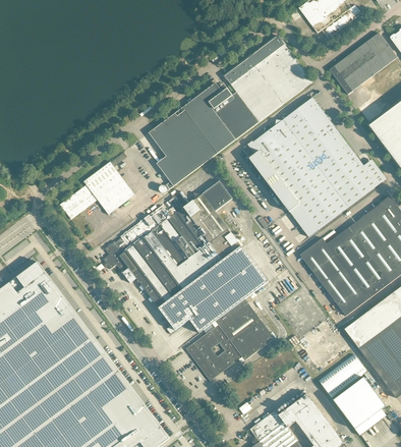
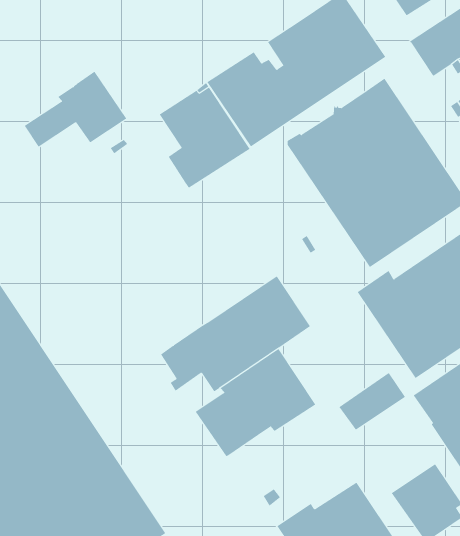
building: [59,161,134,219] -> [24,71,127,147]
building: [102,180,240,308] -> none
building: [318,353,366,397] -> [339,372,406,430]

